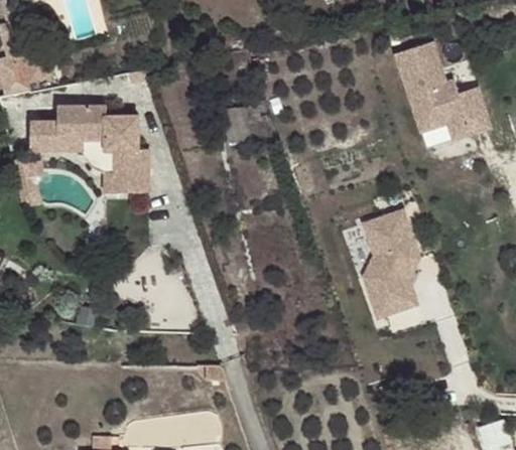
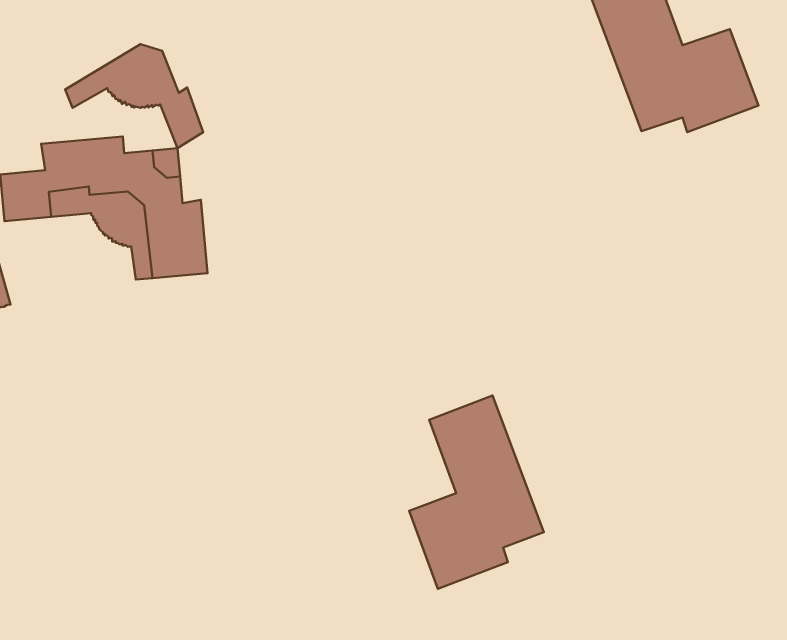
building: none -> [65,44,203,148]
building: [350,214,429,327] -> [409,396,544,589]

